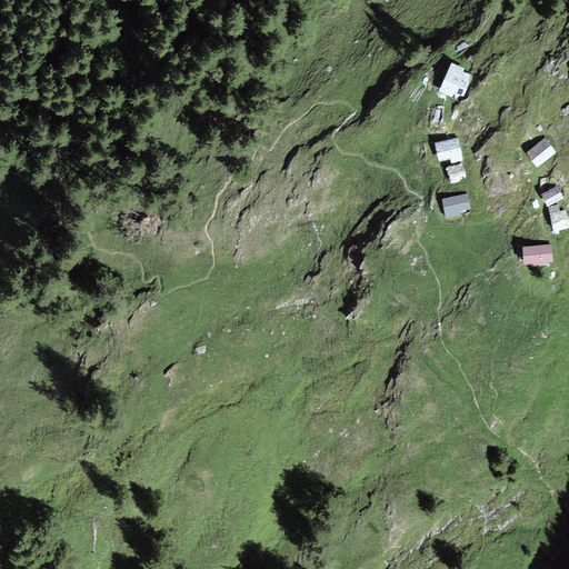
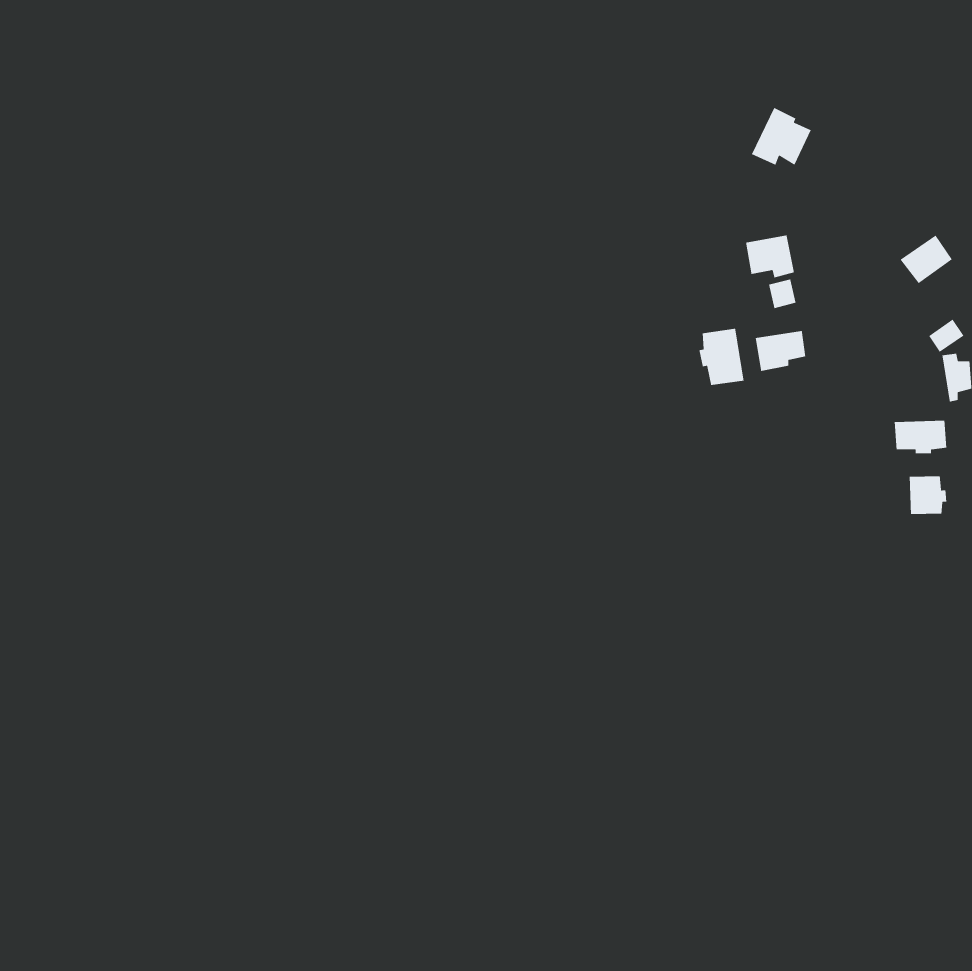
building: none -> [698,328,745,386]
building: none -> [909,475,947,515]

